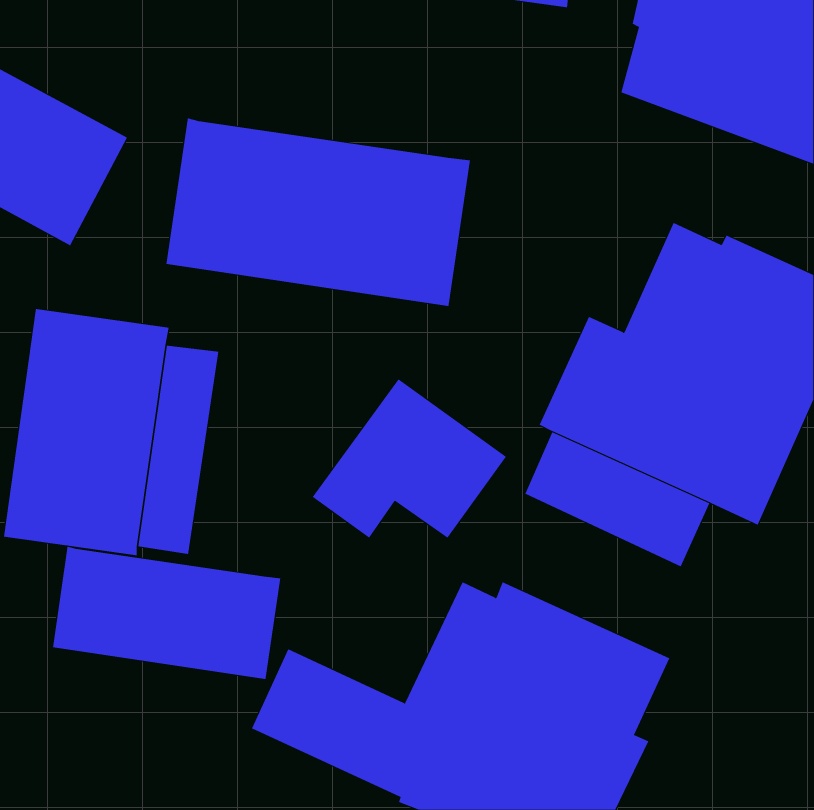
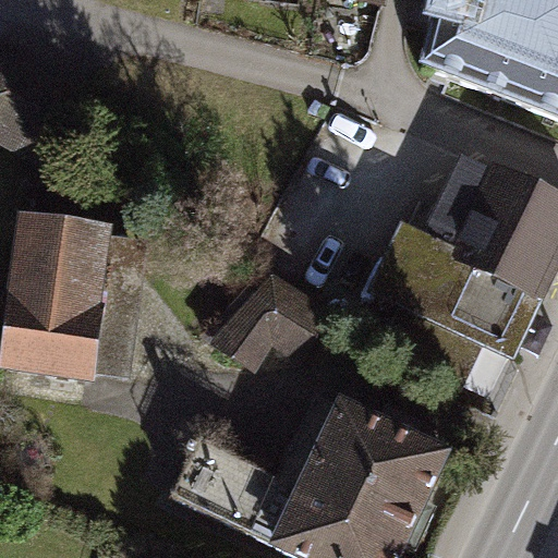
building: [166,117,471,307] -> none
building: [52,546,281,680] -> none

